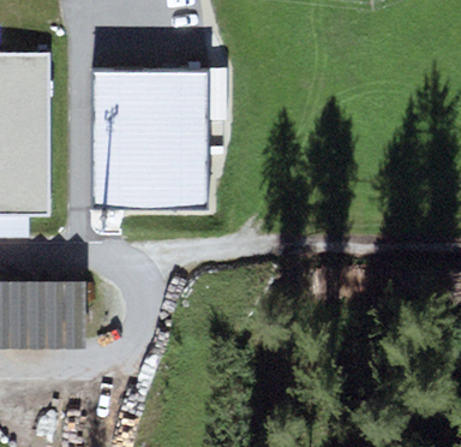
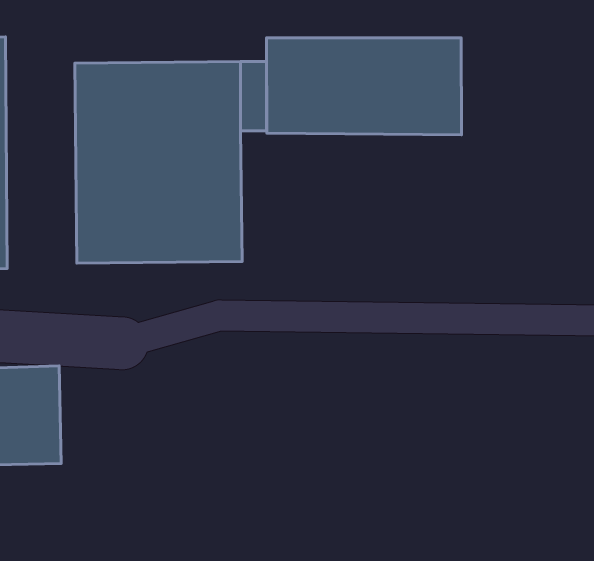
building: none -> [266,38,461,135]

